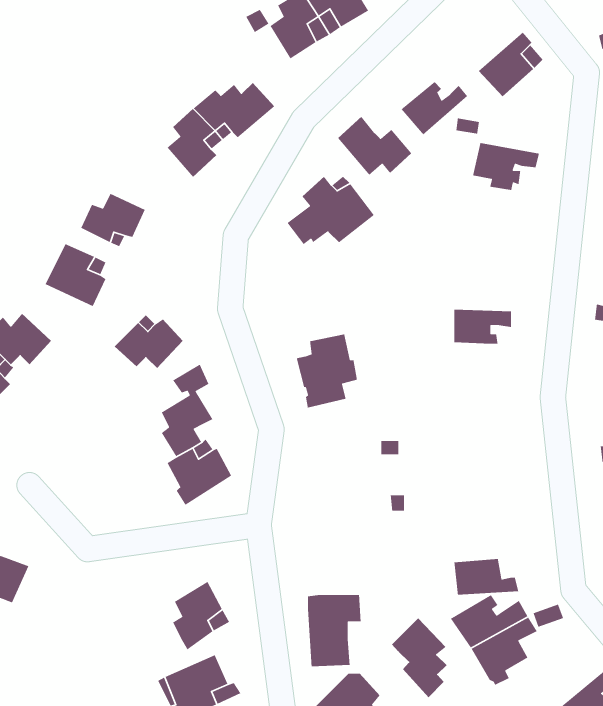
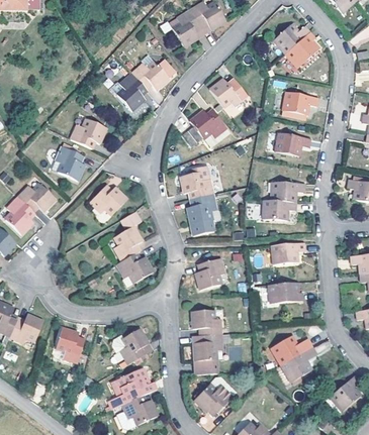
building: [401,81,468,136] -> [273,24,309,53]
building: none -> [275,132,310,155]
building: none -> [180,165,213,199]
building: none -> [263,200,295,220]
building: none -> [272,241,304,264]
building: none -> [195,258,224,290]
building: none -> [192,310,221,335]
building: [453,558,519,596] -> [268,283,303,303]
building: none -> [56,328,83,361]
building: [391,617,448,698] -> none

